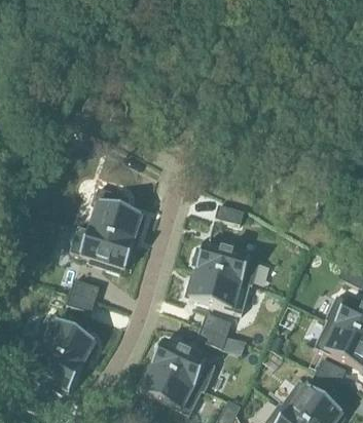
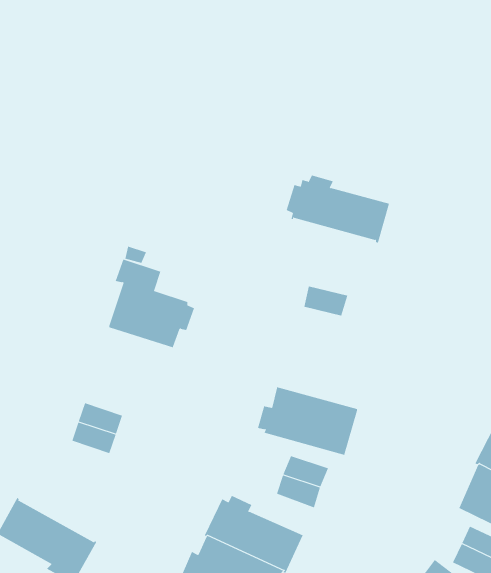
building: [71,225,135,271] -> none
building: [193,240,260,284] -> [286,175,390,244]
building: [33,314,99,368] -> none

